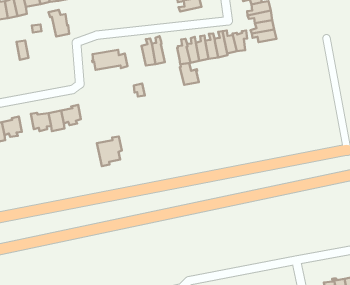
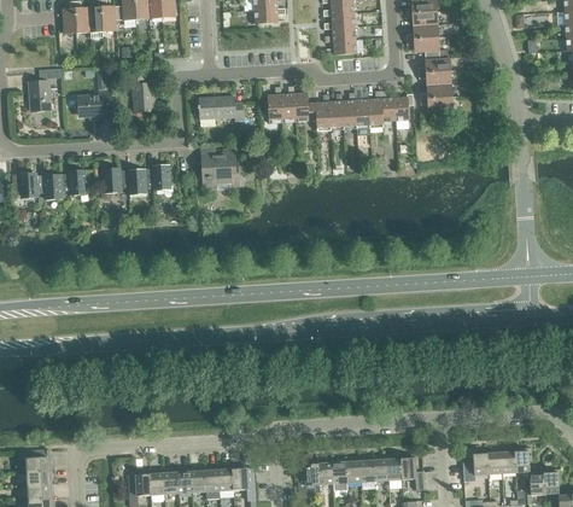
building: [49,10,69,37] -> [129,76,153,112]
building: none -> [77,91,111,116]
building: [180,63,199,85] -> [293,93,316,122]
building: [97,137,122,166] -> [201,150,234,187]

